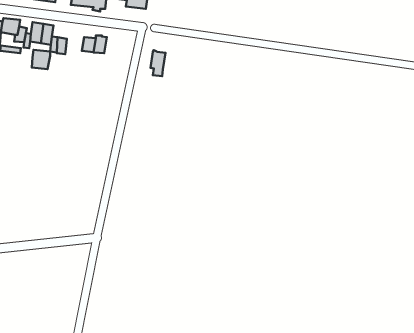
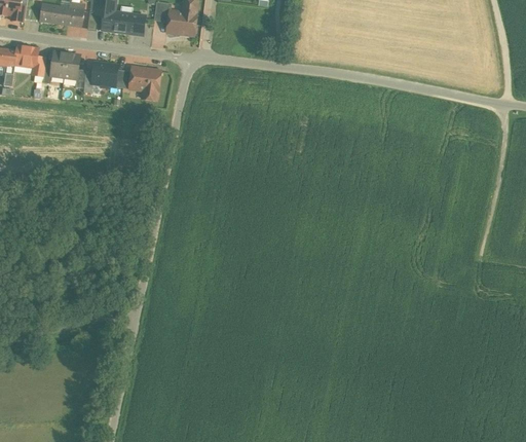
building: [32,50,50,69] -> [95,63,117,86]
building: [150,50,165,76] -> [142,68,160,100]

